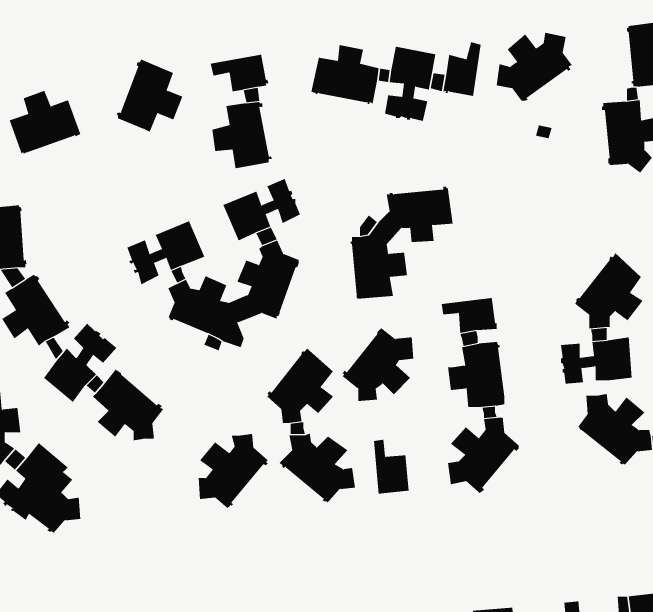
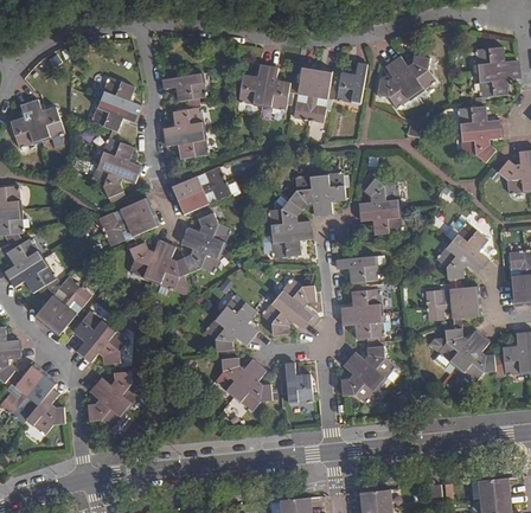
building: none -> [90,137,141,198]
building: none -> [359,178,402,235]
building: [198,434,268,509] -> [88,371,141,428]

